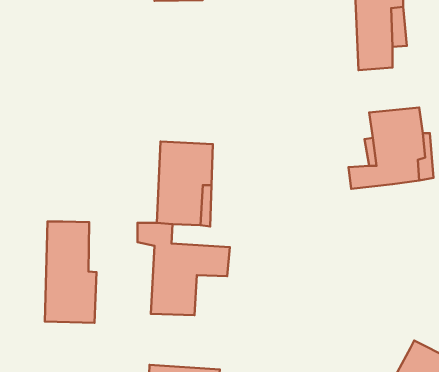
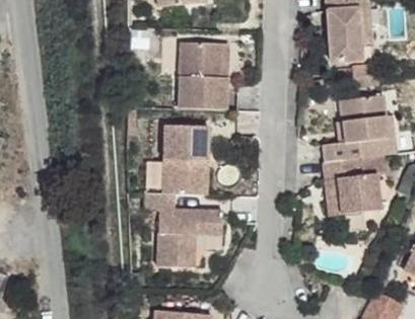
building: none -> [177,41,223,108]
building: none -> [320,159,382,217]
building: [45,221,96,323] -> none

